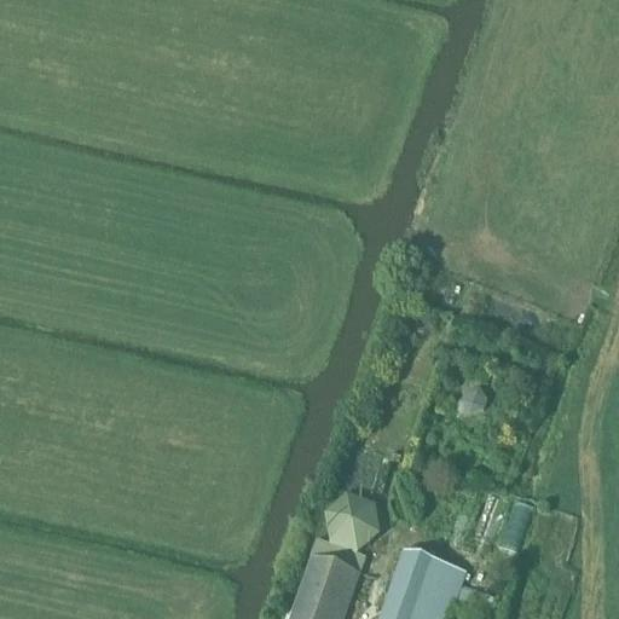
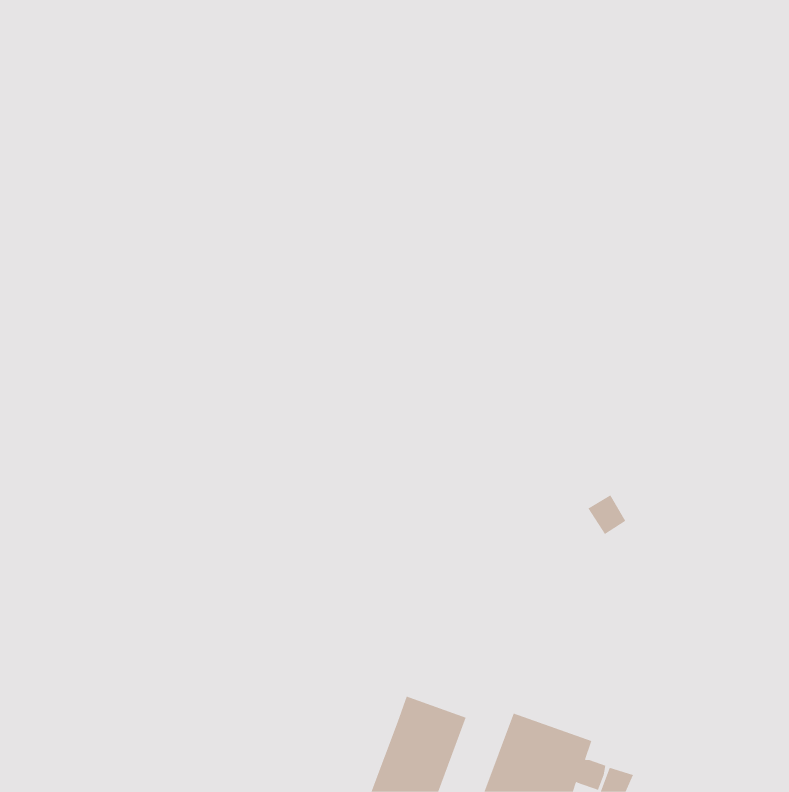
building: [323,501,376,555] -> none

